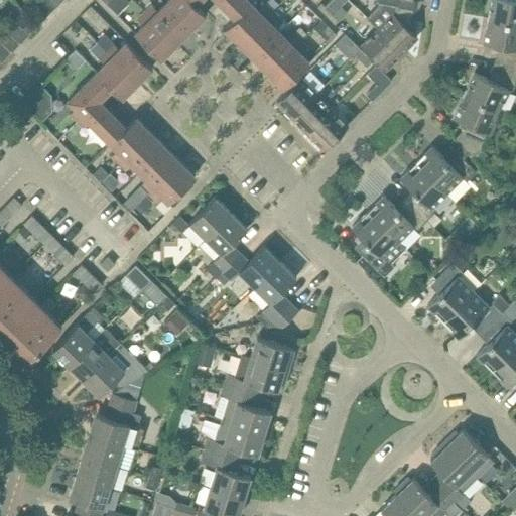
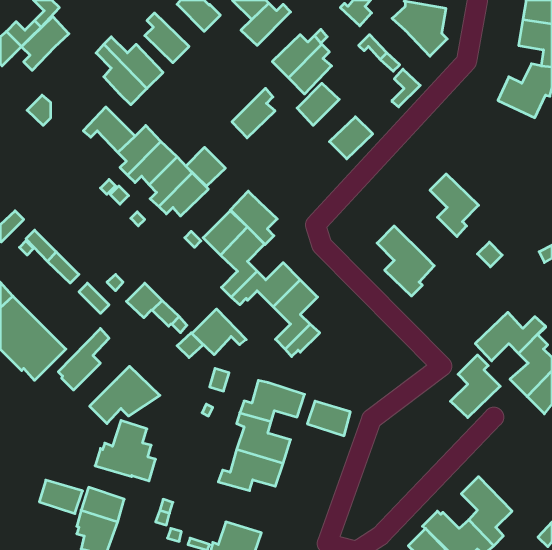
building: [144,6,190,45] -> none
building: [240,13,280,59] -> [232,88,275,138]
building: [362,30,401,71] -> none
building: [68,74,112,124] -> [21,16,69,70]
building: [292,95,332,134] -> none
building: [455,96,499,158] -> none
building: none -> [186,147,225,186]
building: [416,148,476,194] -> none
building: none -> [230,191,277,245]
building: [368,197,426,243] -> none
building: [427,264,474,322] -> [450,355,500,418]
building: none -> [192,309,246,355]
building: [69,329,121,381] -> none
building: [250,338,290,370] -> [307,401,350,436]
building: [446,430,495,479] -> none
building: [83,436,123,468] -> [39,480,83,514]
building: [201,452,251,499] -> none

